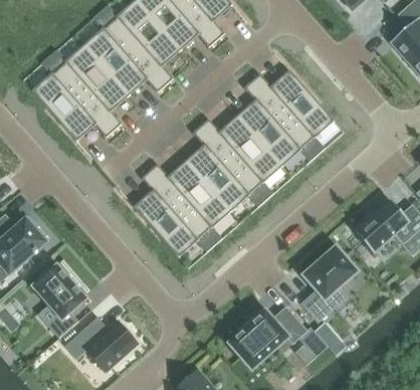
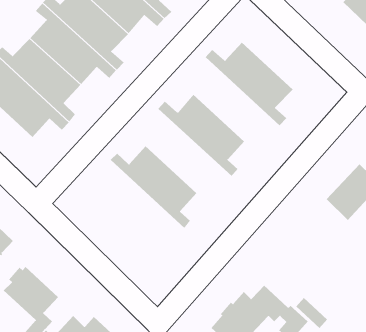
building: [237,80,318,166] -> none
building: [186,126,266,211] -> none
building: [134,170,215,257] -> none
building: [302,247,357,322] -> none

